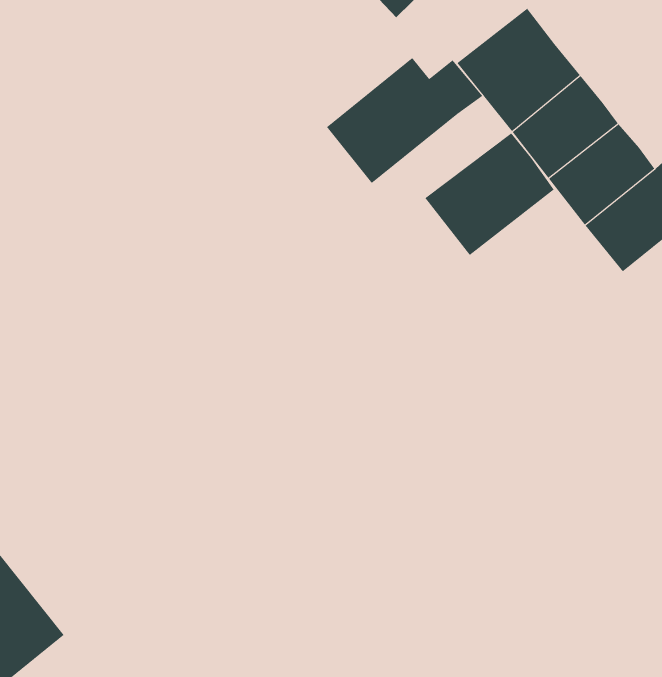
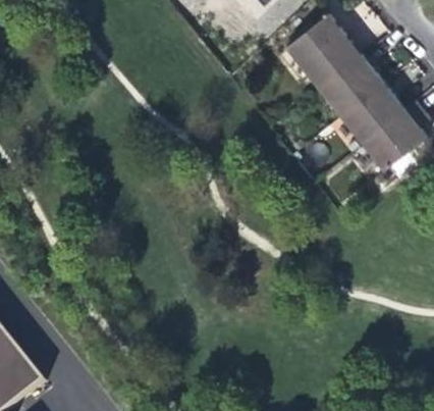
building: [326,57,483,184] -> none
building: [424,132,555,256] -> none

